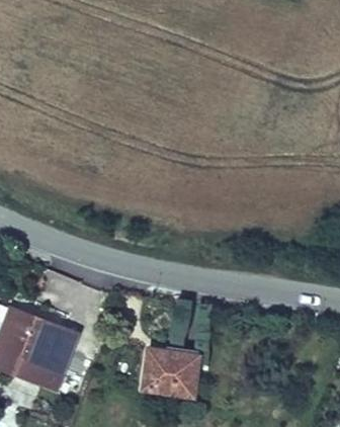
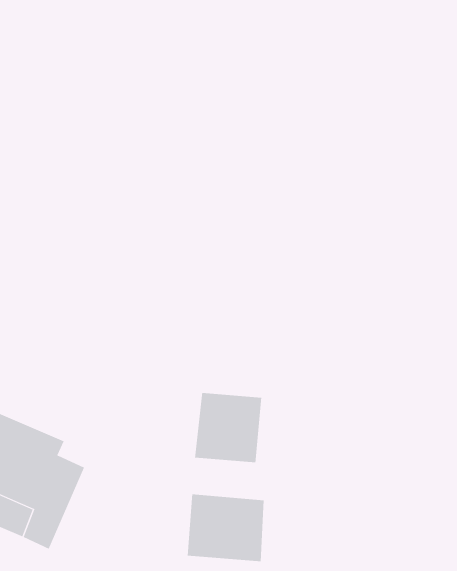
building: none -> [195,392,262,463]

